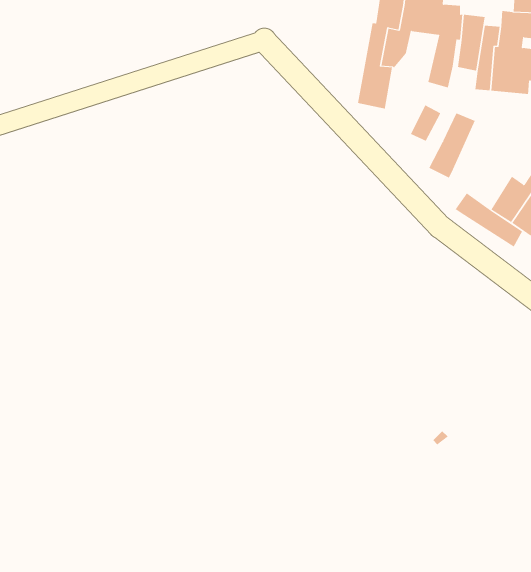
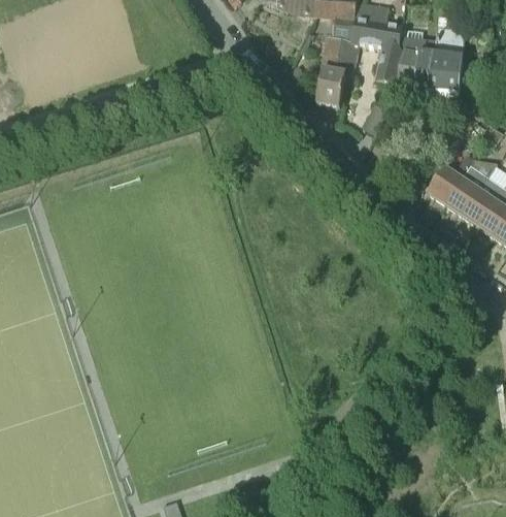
building: [429,113,476,179] -> none
building: [455,192,523,248] -> none

